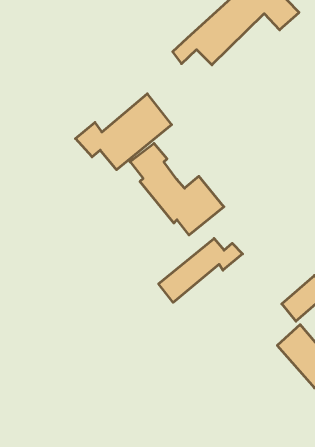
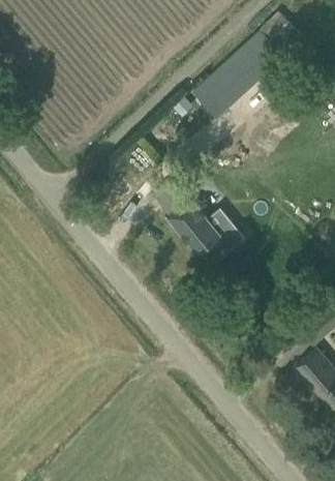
building: [75,94,172,170] -> none
building: [159,238,243,302] -> none

